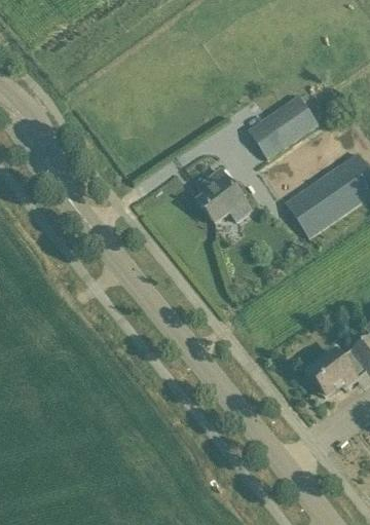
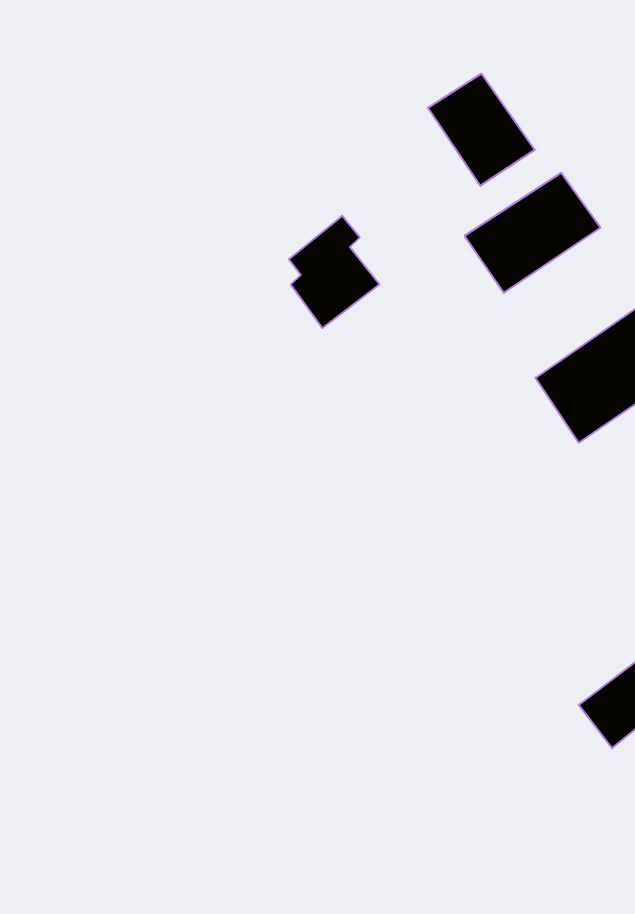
building: none -> [428,74,535,186]
building: [198,164,246,223] -> [289,216,379,328]

